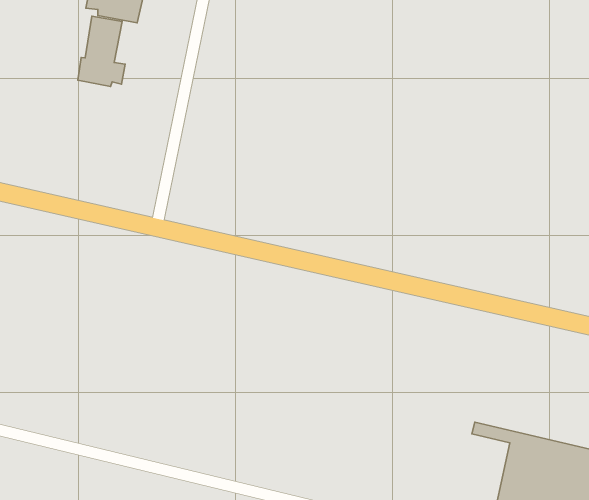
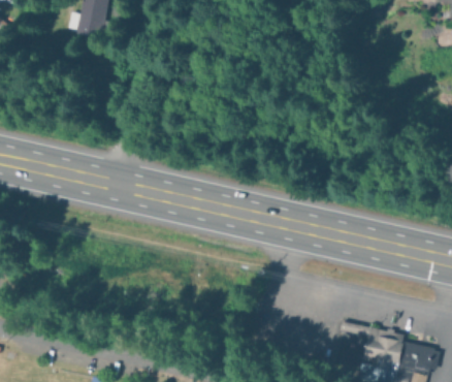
building: [78,16,125,86] -> none

